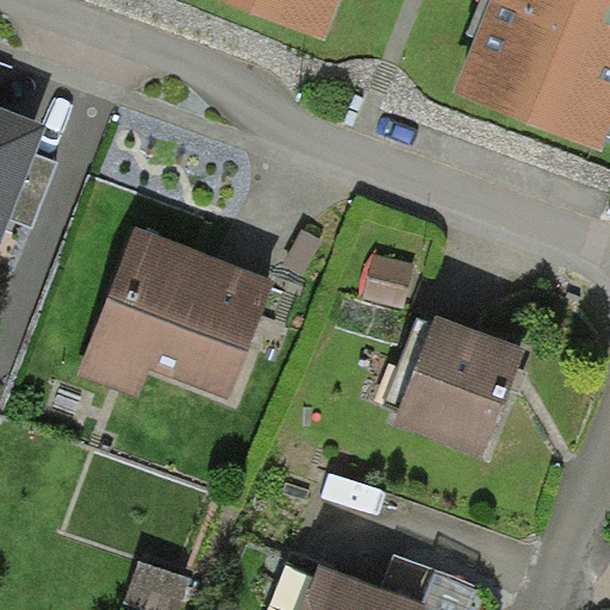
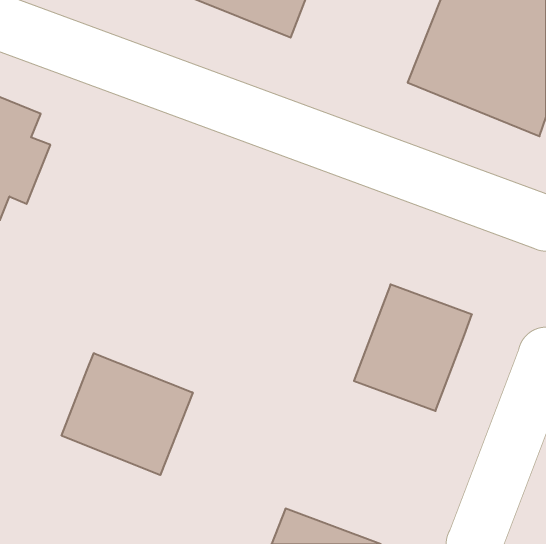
building: [77,228,273,398] -> none
building: none -> [62,353,193,475]

